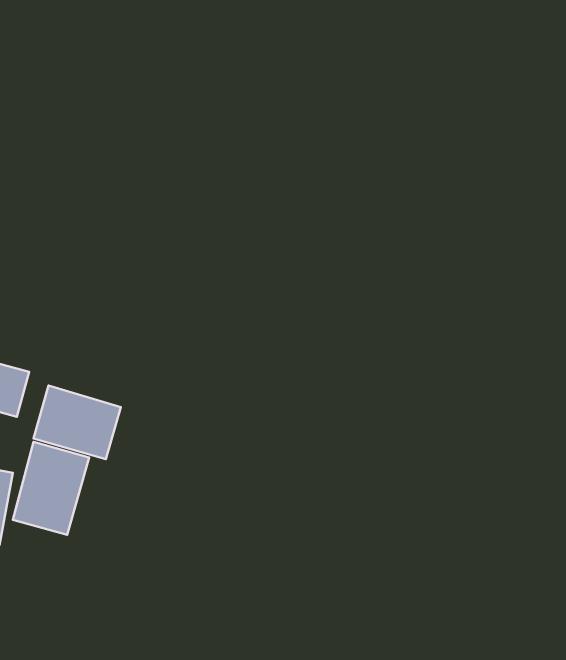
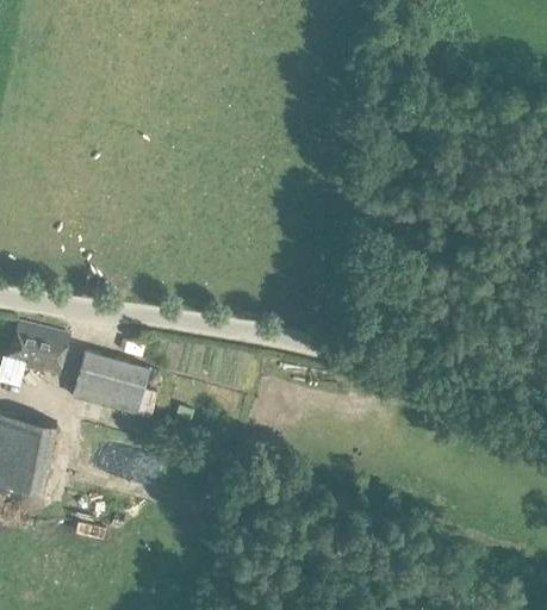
building: [13,442,89,535] -> none

